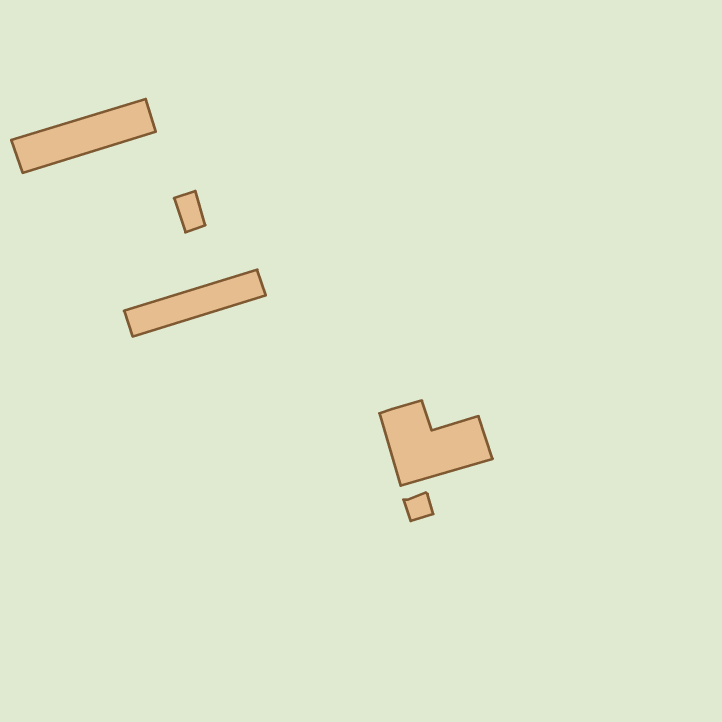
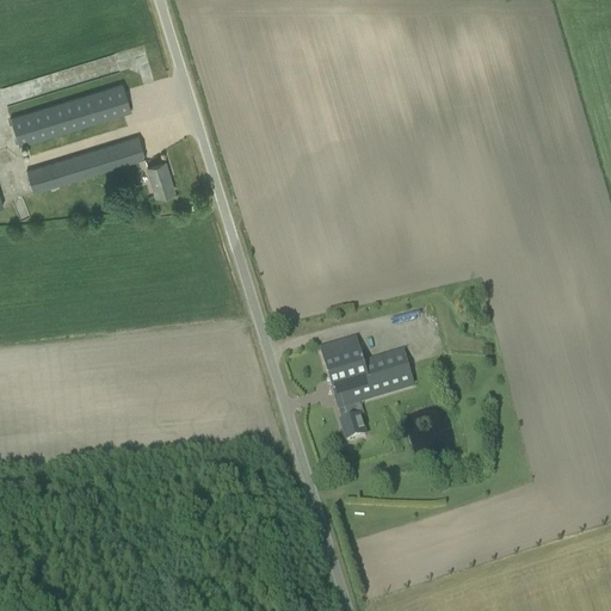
building: [124,270,266,336] -> [27,136,147,192]

